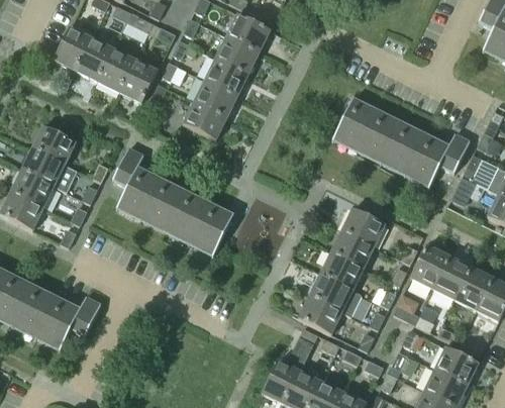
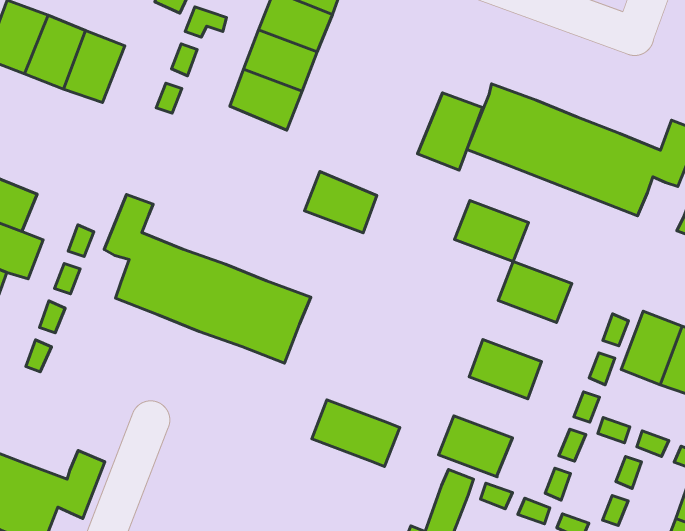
building: [119,59,158,102] -> none
building: [183,100,226,138] -> [305,172,377,233]
building: none -> [418,93,483,170]
building: [330,229,375,268] -> [455,200,528,261]
building: [309,273,362,315] -> [312,400,400,466]

